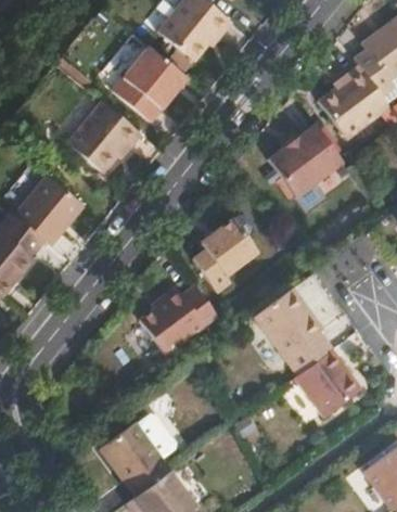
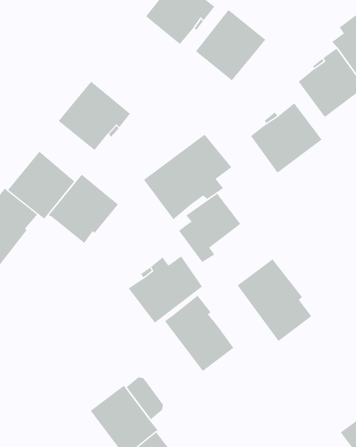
building: [112,46,187,121] -> [195,9,266,81]
building: none -> [143,134,232,220]
building: none -> [48,174,119,244]
building: none -> [164,295,234,372]
building: [294,348,362,417] -> none

